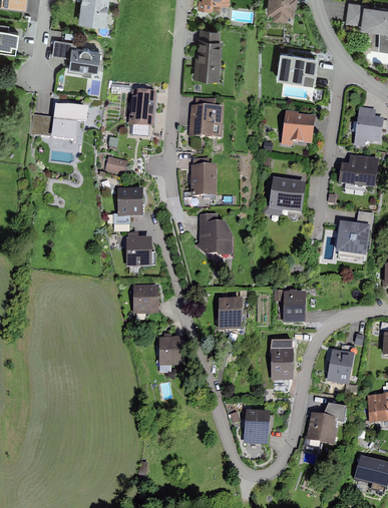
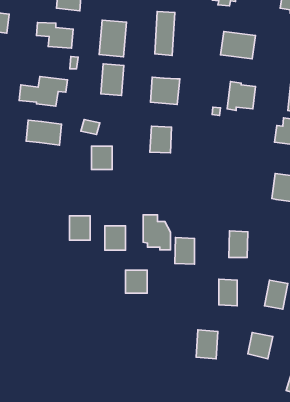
building: none -> [99,20,126,57]
building: none -> [26,120,61,145]
building: [263,176,307,215] -> none
building: [200,213,233,256] -> [143,215,171,250]
building: [127,236,152,266] -> [69,216,90,240]

